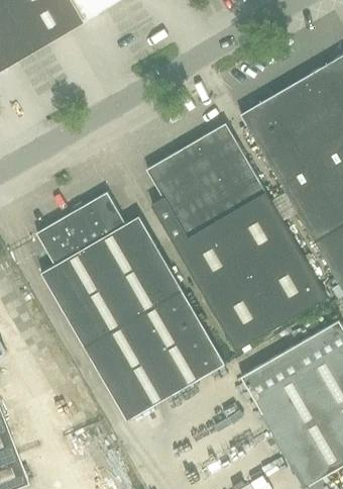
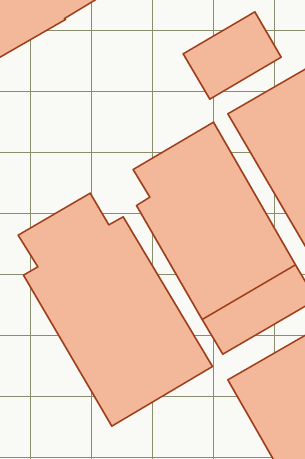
building: none -> [183,12,281,99]

